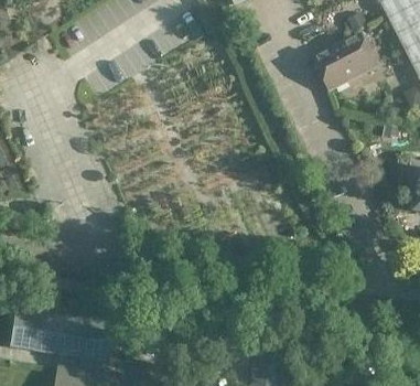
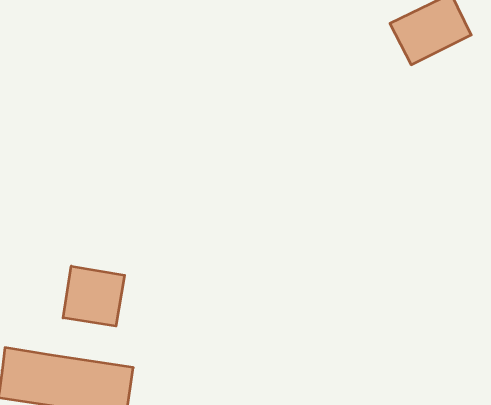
building: none -> [63,266,125,326]

